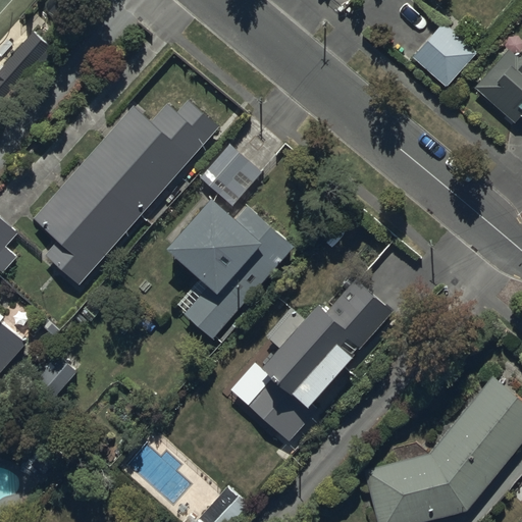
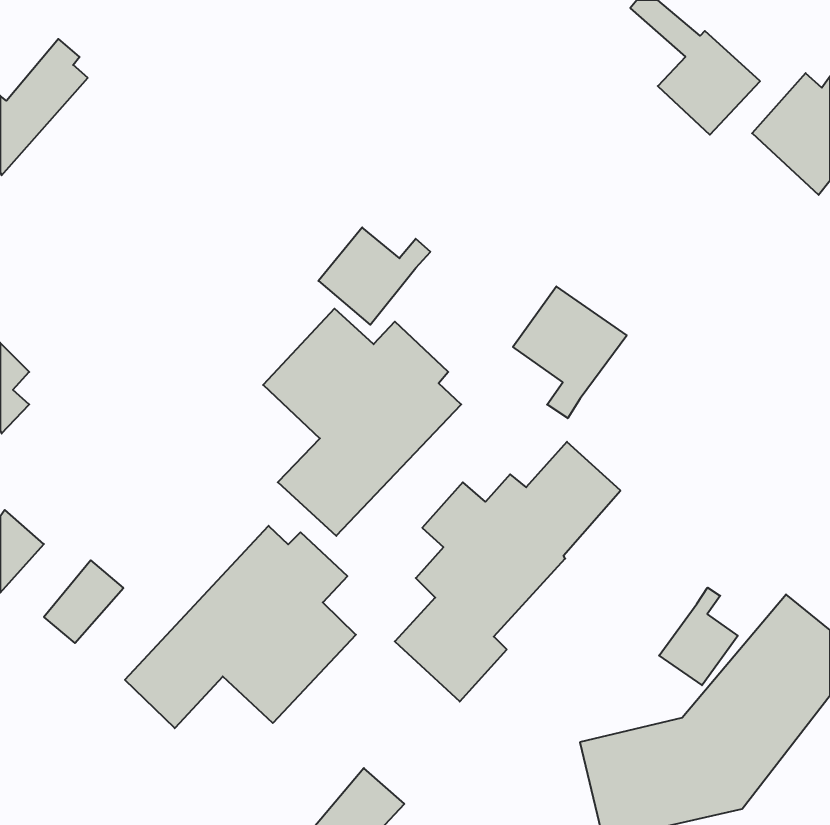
building: [35,101,219,285] -> none
building: none -> [513,286,627,418]
building: none -> [125,526,356,728]
building: none -> [659,588,738,685]

